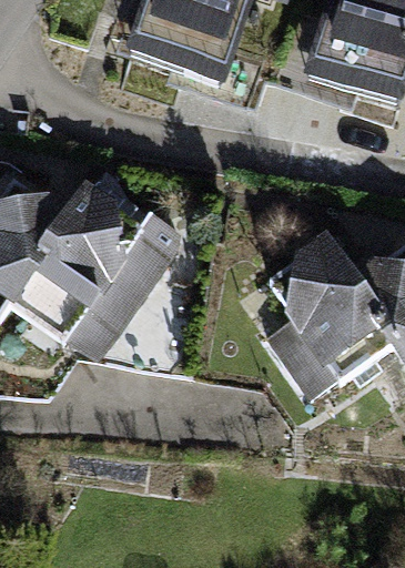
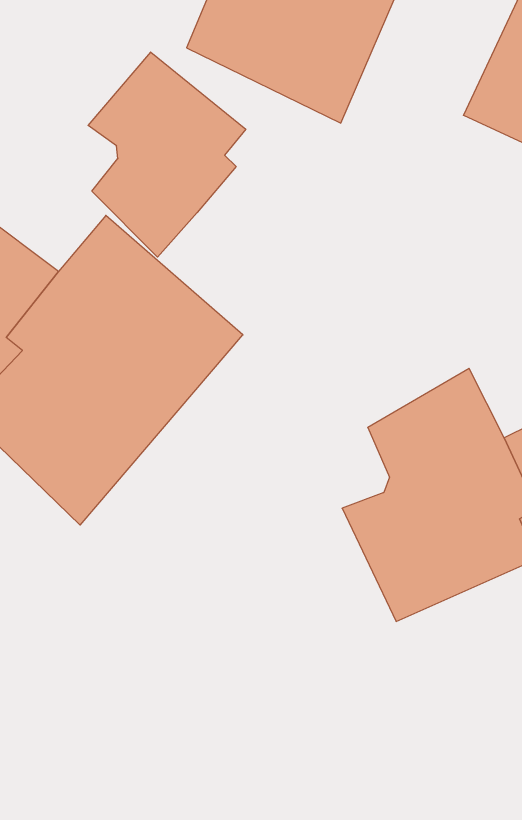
building: none -> [88,52,246,257]

